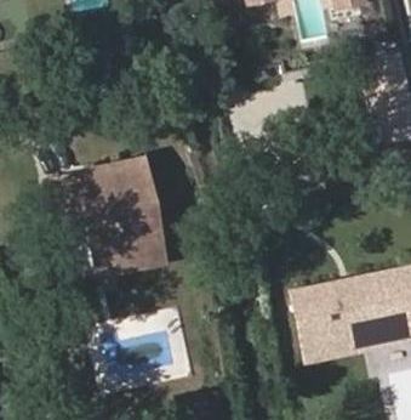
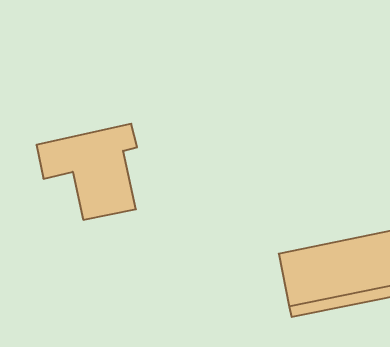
building: [92,183,164,272] -> none

